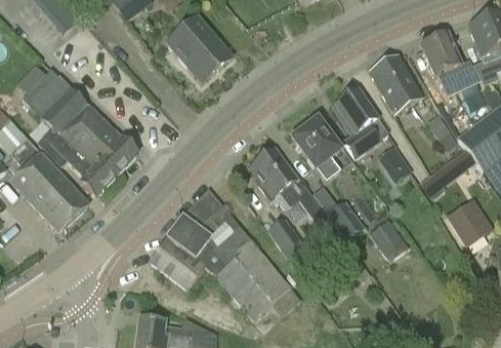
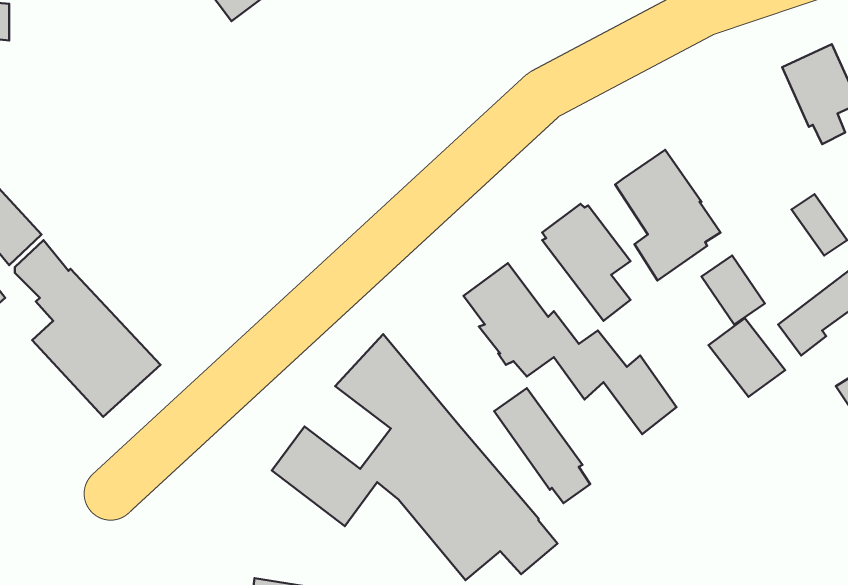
building: [167,15,233,83] -> none
building: [370,55,423,114] -> none
building: [20,69,137,195] -> none
building: [166,216,212,260] -> none
building: [368,220,409,262] -> [708,318,785,397]

